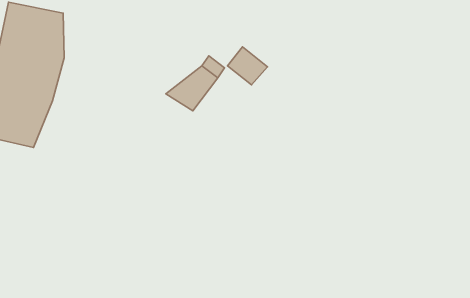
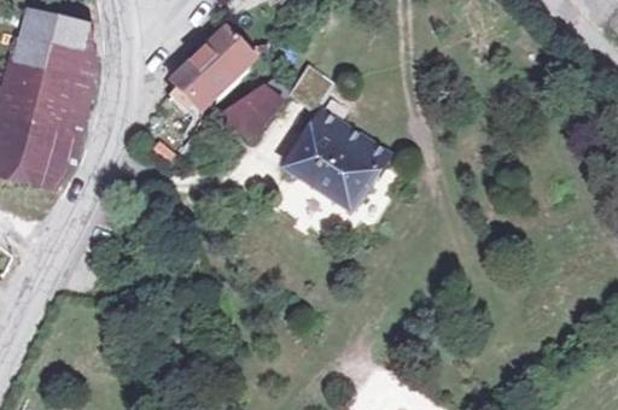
building: none -> [171,28,251,110]
building: none -> [290,105,384,210]

